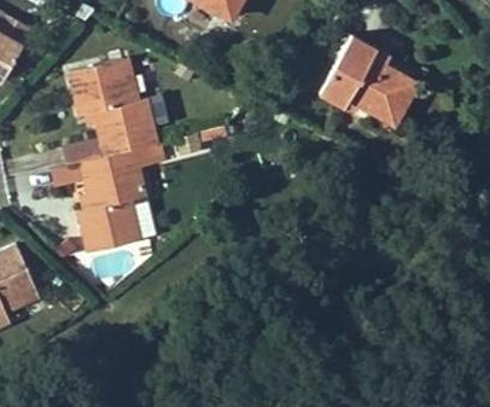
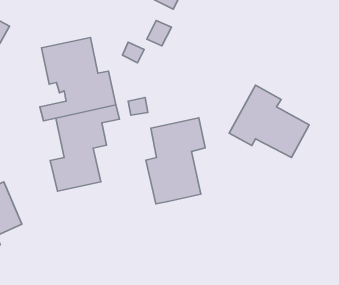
building: [314,30,416,123] -> [229,85,309,158]
building: none -> [146,118,205,204]

